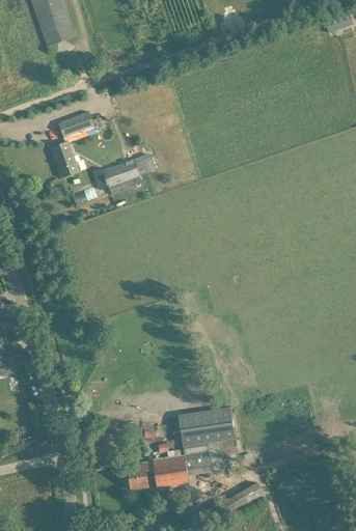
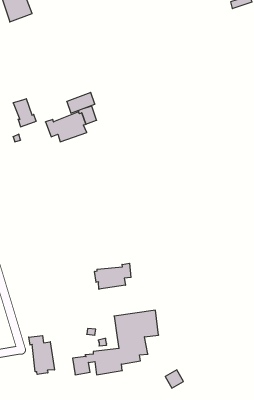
building: [58,112,93,138] -> [67,92,95,113]
building: none -> [95,263,131,289]
building: none -> [29,336,54,374]

